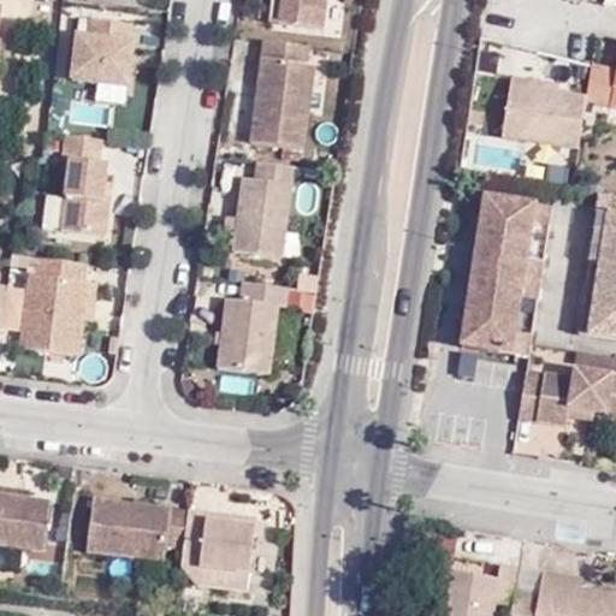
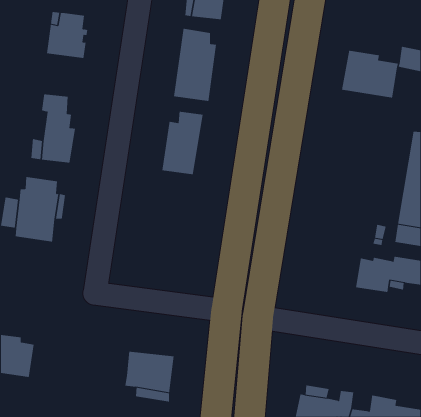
building: [457,191,533,348] -> none
building: [215,284,284,374] -> none
building: [87,500,188,561] -> none

